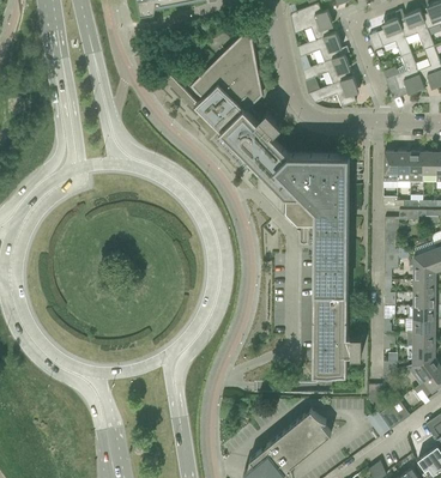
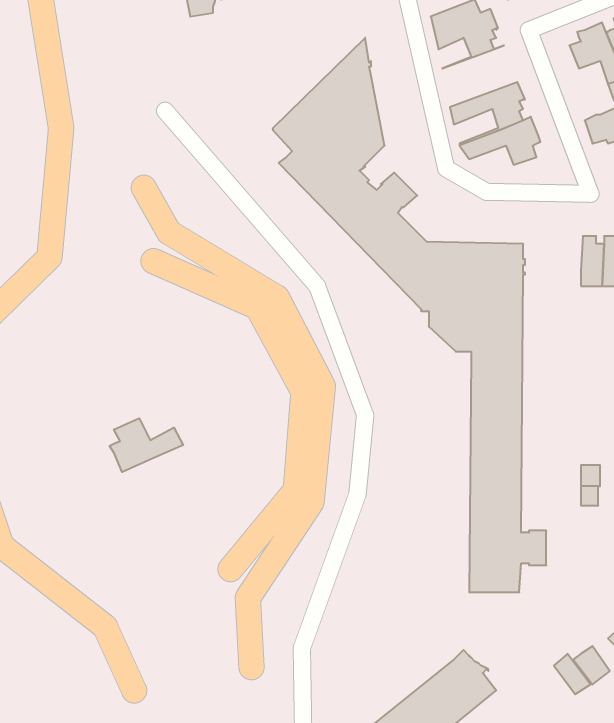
building: [297,34,344,72] -> none
building: none -> [110,418,183,472]

